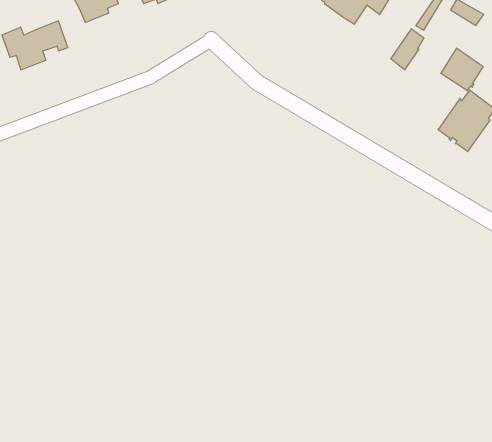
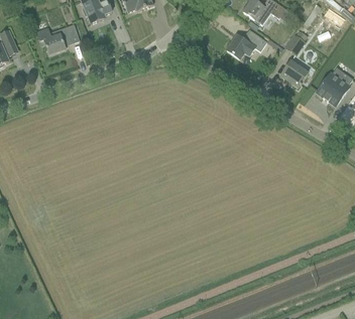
building: none -> [226,29,267,58]
building: [441,48,483,91] -> [280,59,308,87]

